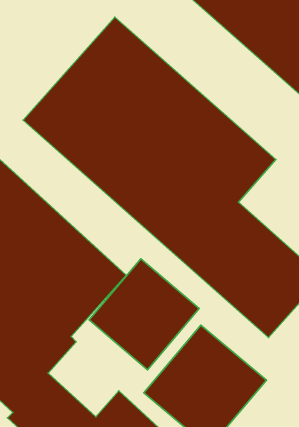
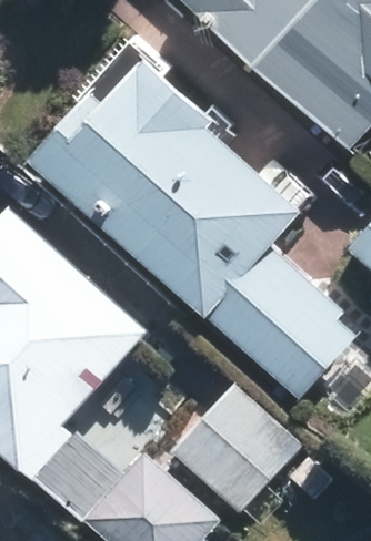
building: [89,259,199,370] -> none

